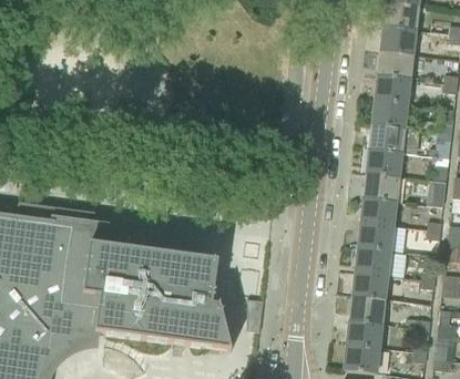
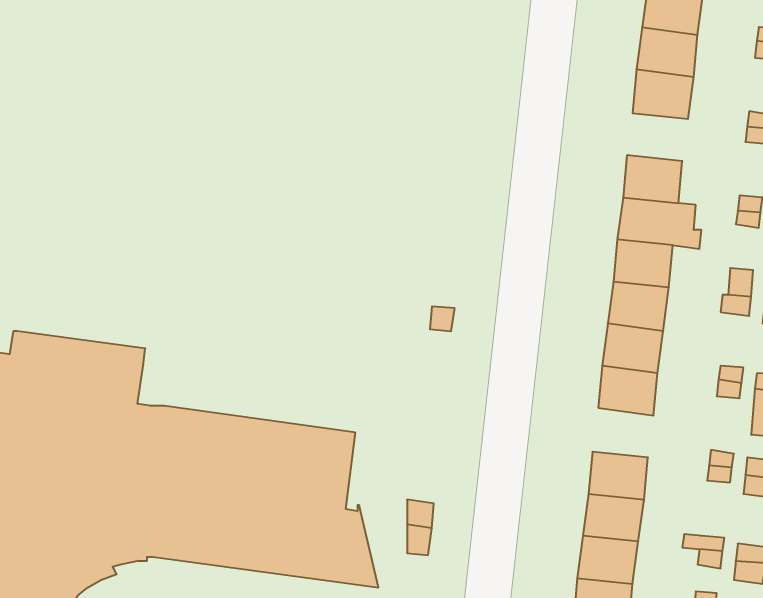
building: [376,75,411,103] -> none
building: [356,246,391,275] -> none

